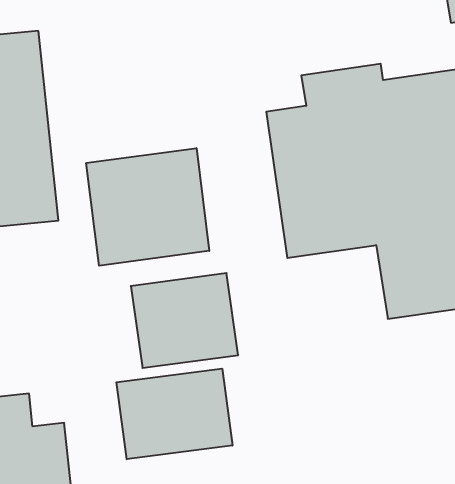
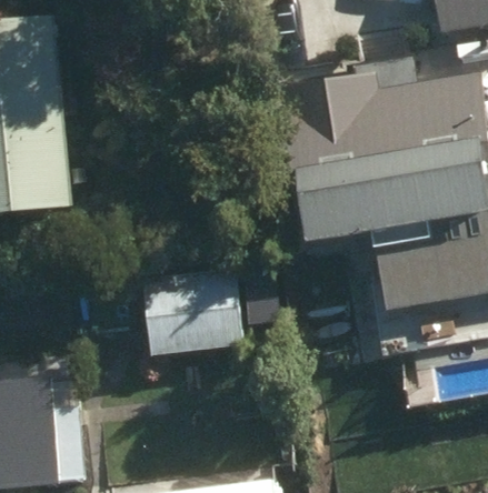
building: [86,148,209,266] -> none
building: [116,369,232,459] -> none

